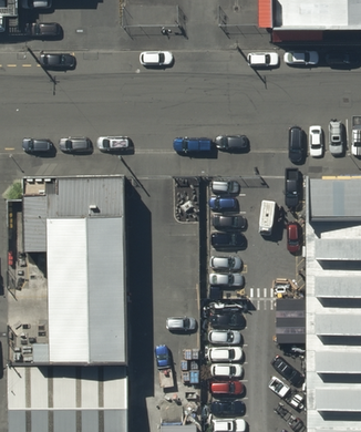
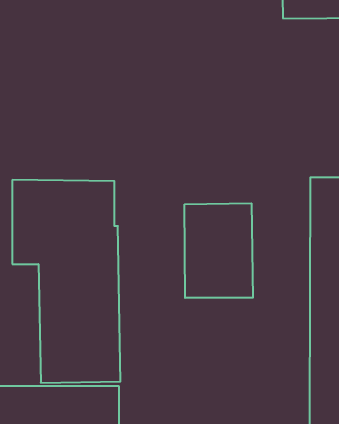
building: none -> [185,203,253,298]

